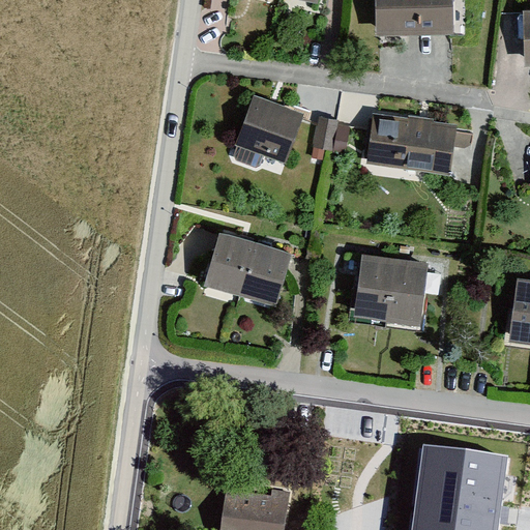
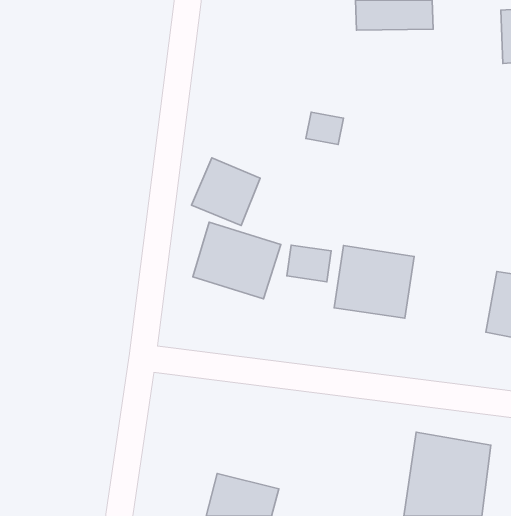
building: [235,95,305,165] -> [192,158,260,225]
building: [370,120,458,179] -> none
building: none -> [287,245,331,282]

